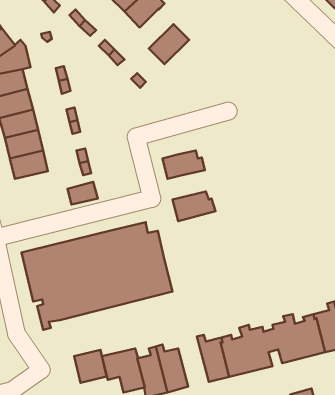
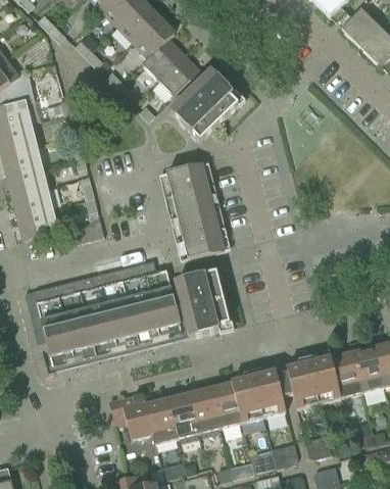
building: none -> [141,39,183,81]
building: none -> [170,71,238,142]
building: none -> [165,163,208,195]
building: none -> [177,207,218,238]
building: none -> [17,208,58,239]
building: none -> [176,273,230,338]
building: none -> [188,381,220,433]
building: [74,350,107,383] -> none

